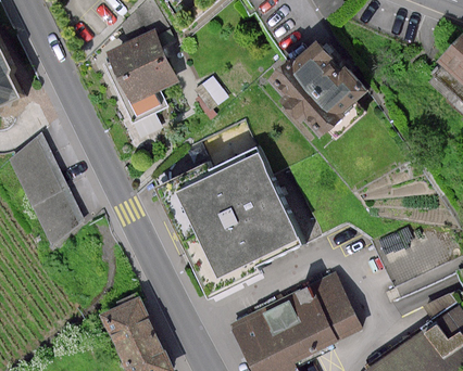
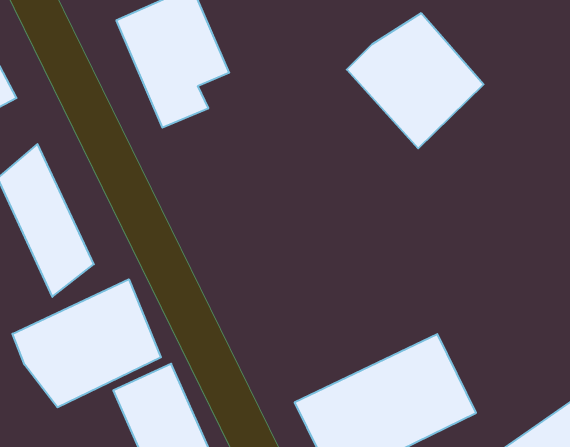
building: [172,151,301,283] -> none
building: none -> [12,279,161,407]

